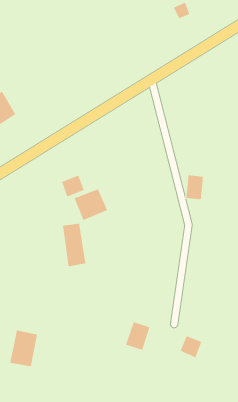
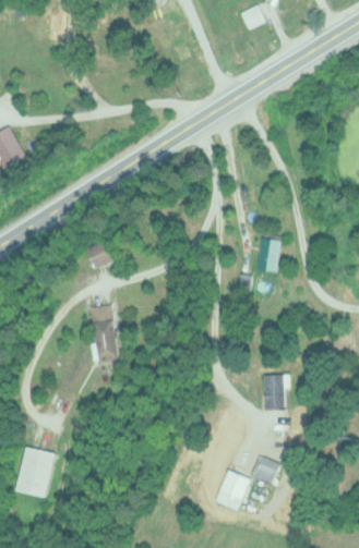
building: [74,188,108,221] -> none
building: none -> [262,376,284,409]
building: [125,321,150,351] -> [215,471,249,510]

